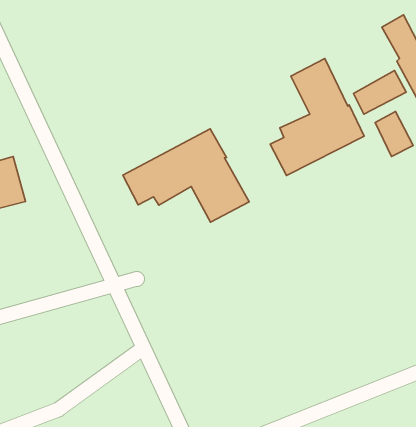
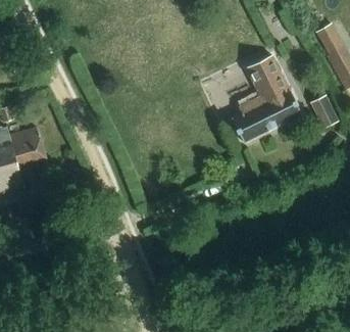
building: [354,71,406,114] -> none
building: [123,129,249,222] -> none

